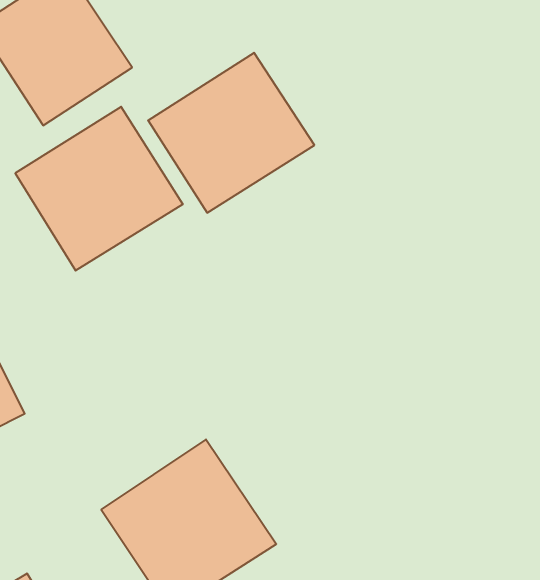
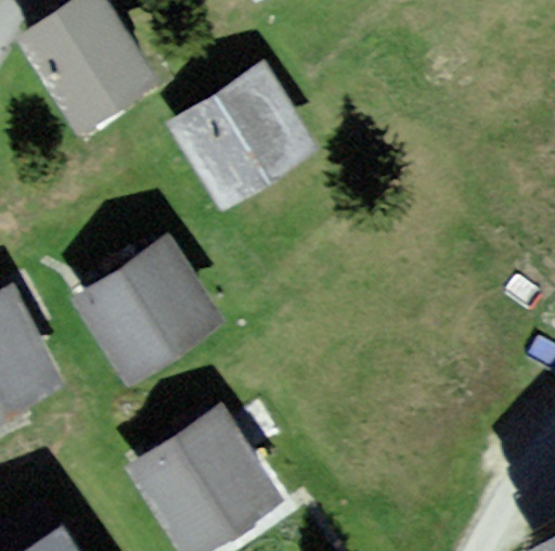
building: [15,107,183,271] -> [74,240,221,384]

